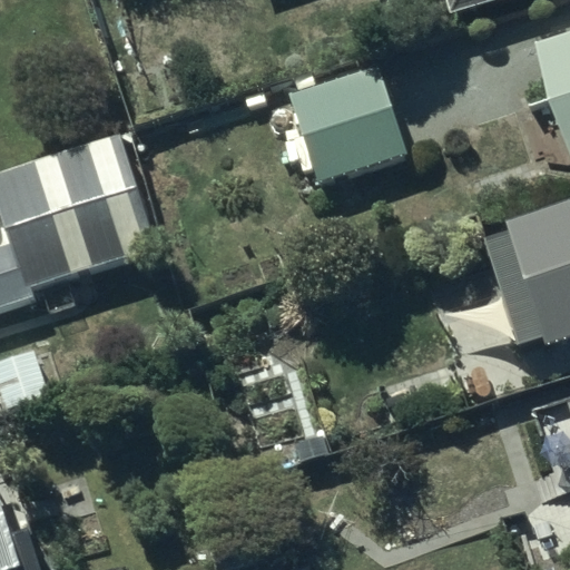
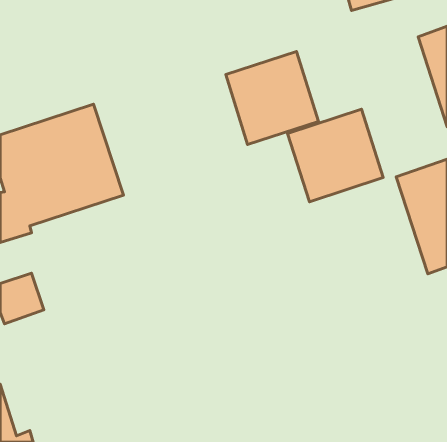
building: none -> [287,109,383,202]

